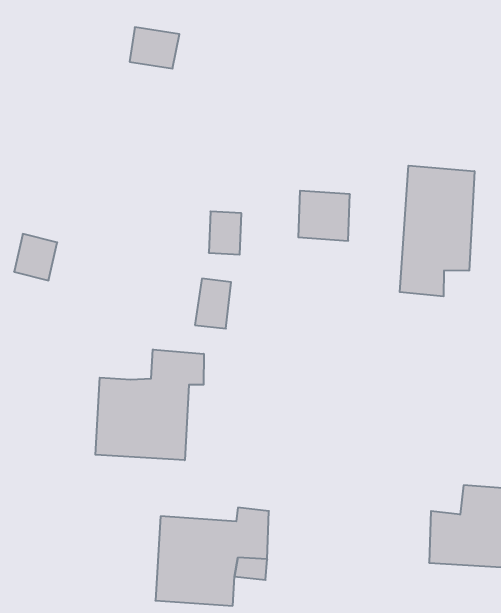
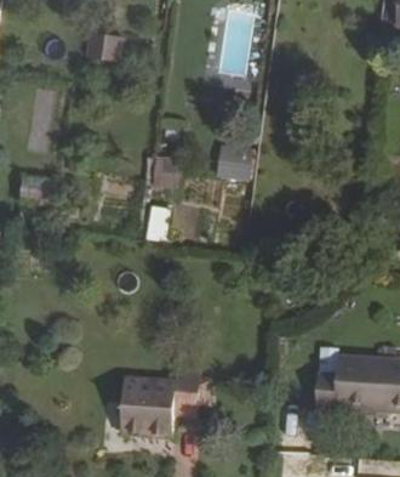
building: [400,166,474,296] -> none
building: [95,349,204,460] -> none

